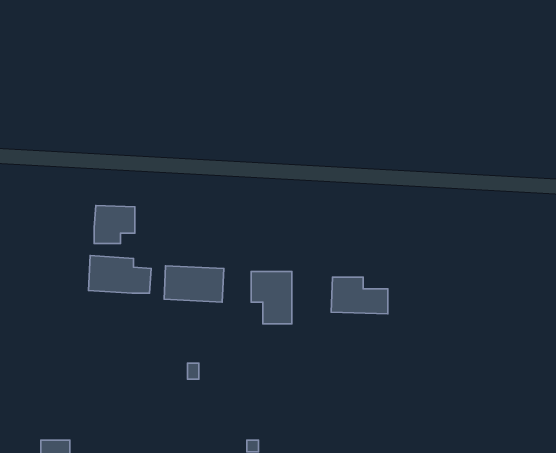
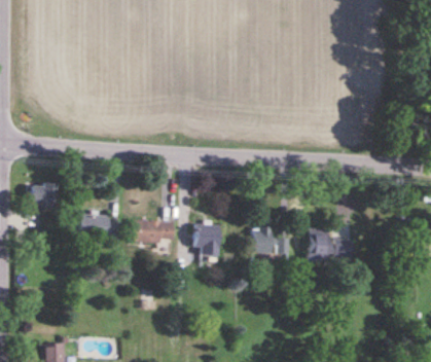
building: [94,206,135,243] -> [30,183,59,210]
building: none -> [307,228,352,258]

